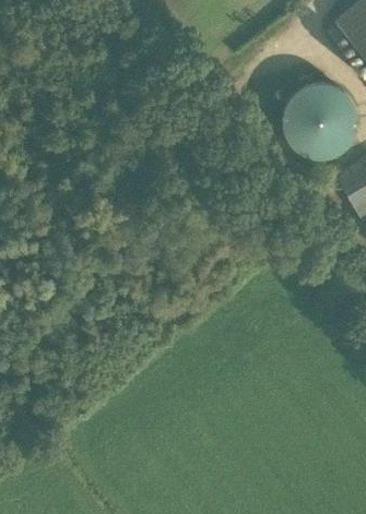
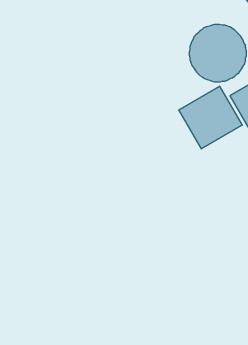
building: none -> [179,86,242,149]

